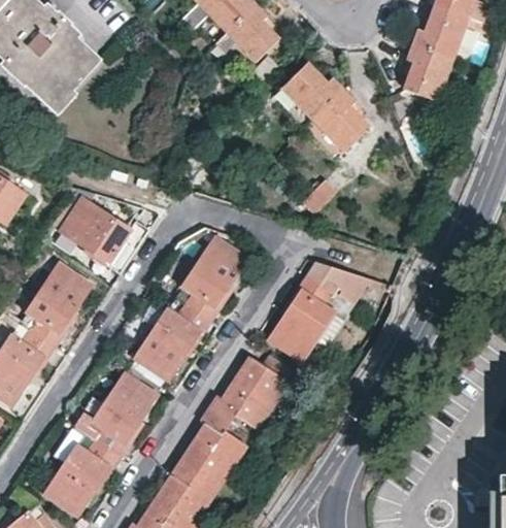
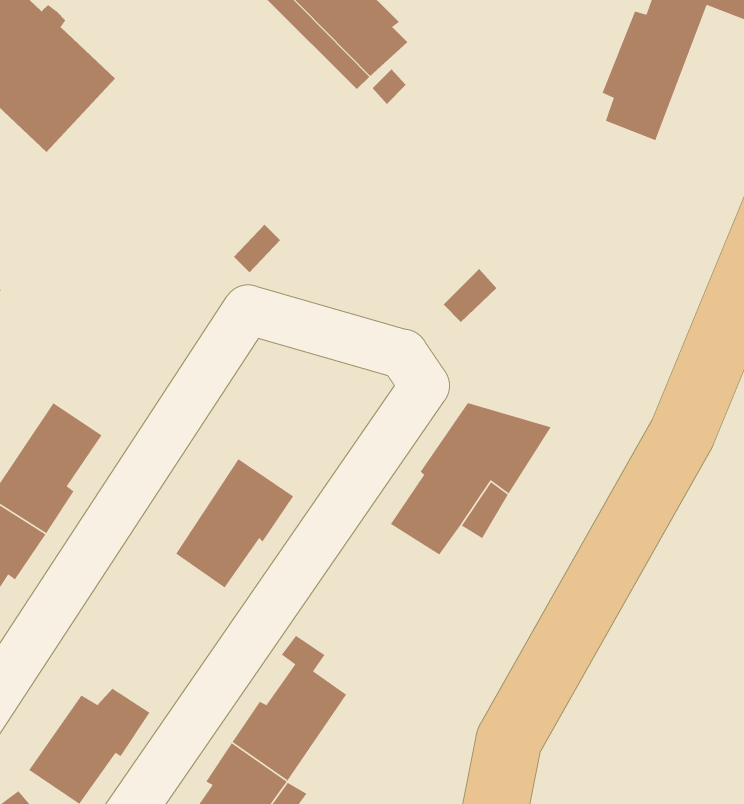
building: [279,65,367,153] -> none
building: [59,198,145,271] -> none
building: [174,239,244,322] -> none
building: [208,355,291,428] -> none
building: [85,373,157,457] -> none

